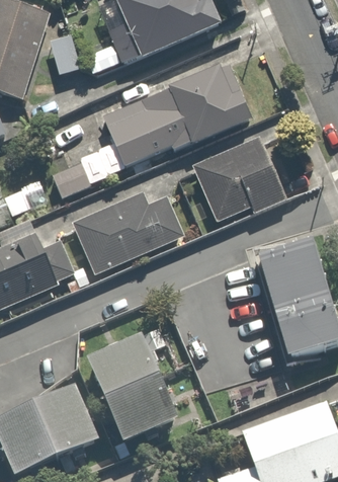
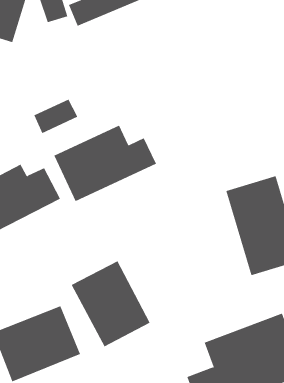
building: [101,59,256,172] -> none
building: [189,138,284,228] -> none

